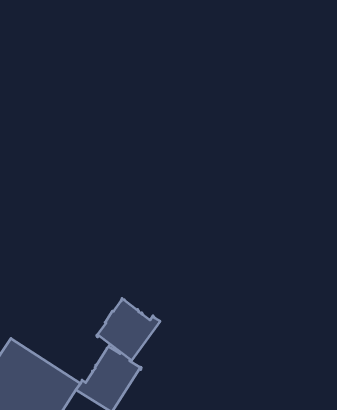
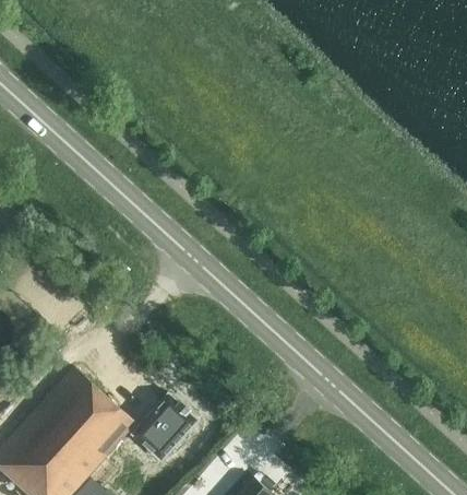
building: [97,298,160,360] -> none

